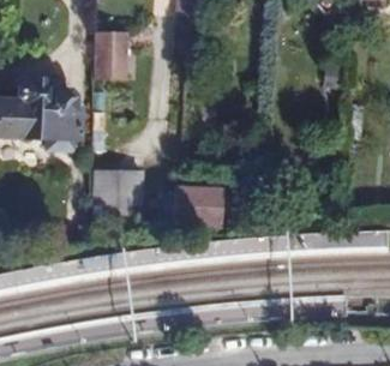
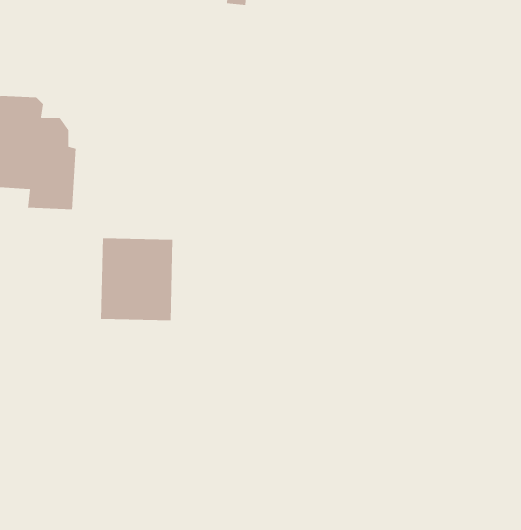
building: [95,31,127,76] -> none
building: [175,182,226,224] -> none

